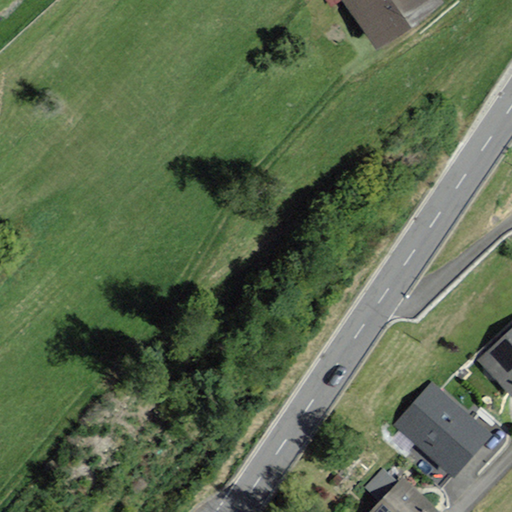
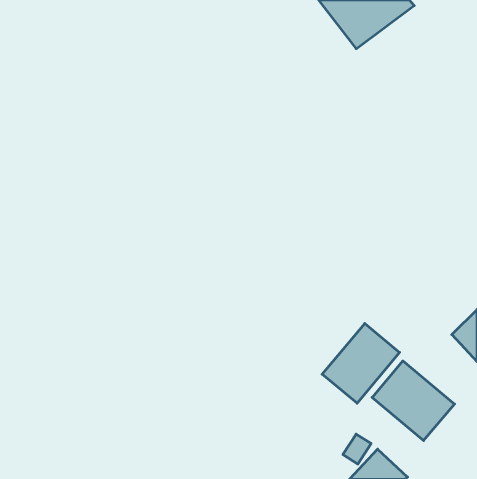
building: none -> [322,323,400,403]

